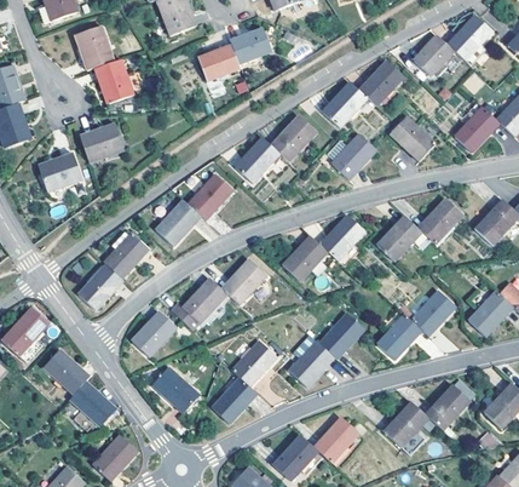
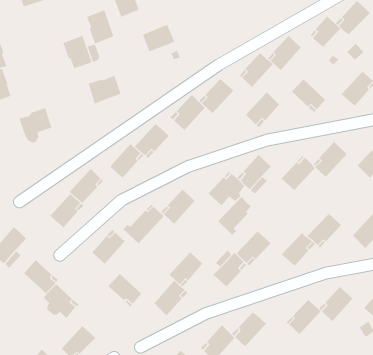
building: [77,25,114,70] -> [86,9,114,44]
building: [231,28,272,63] -> none
building: [81,125,125,162] -> [88,75,121,104]
building: none -> [217,196,252,235]

